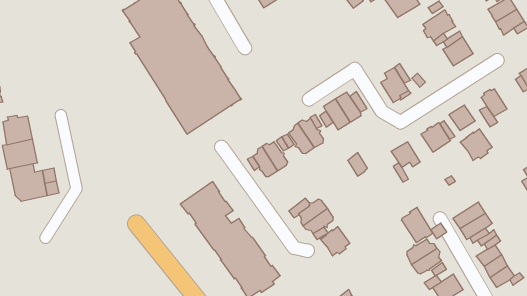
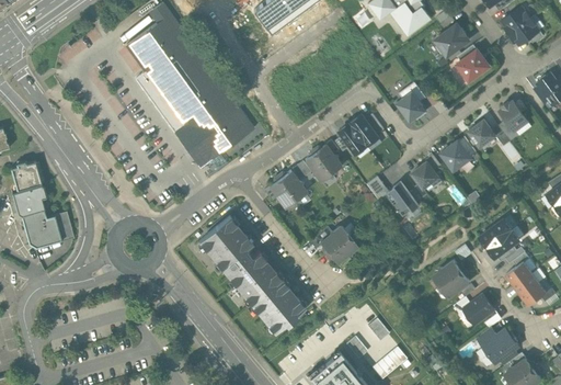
building: [460,129,492,161] -> none
building: [401,207,433,243] -> [386,180,419,216]
building: [320,227,350,256] -> none

